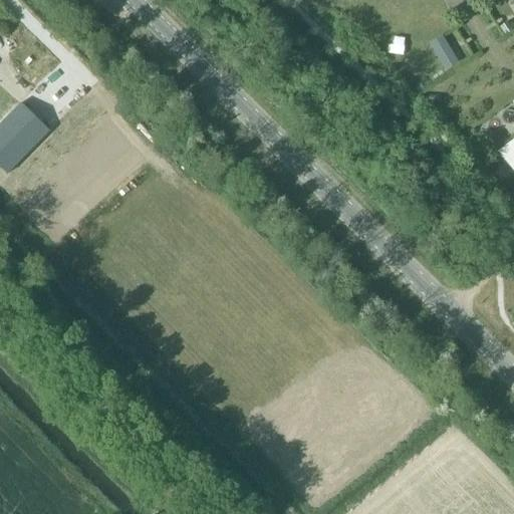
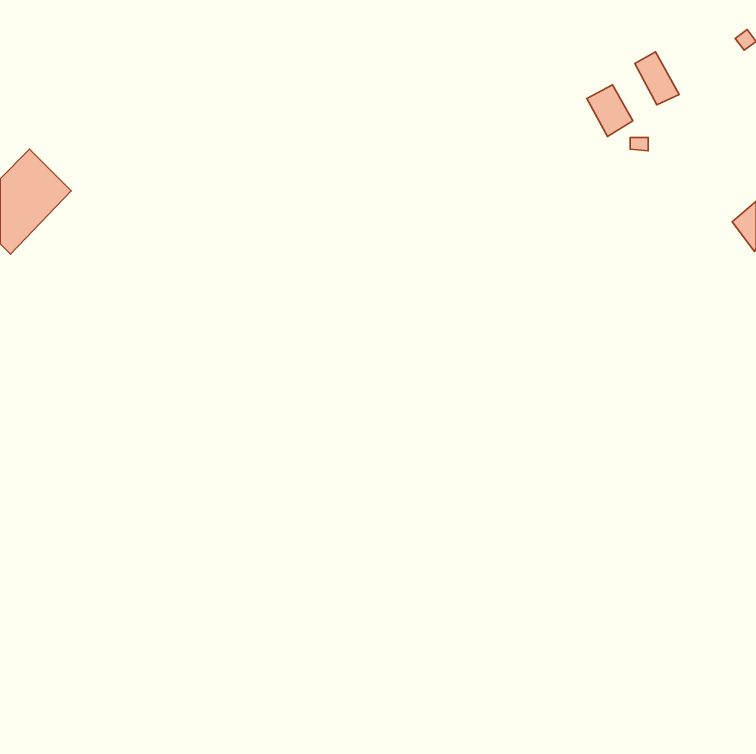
building: none -> [587,85,633,136]

